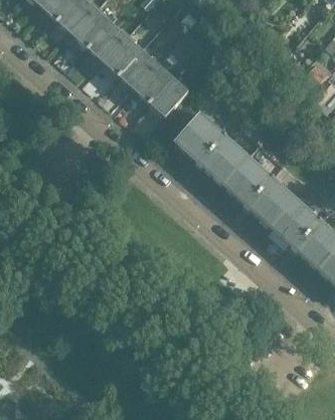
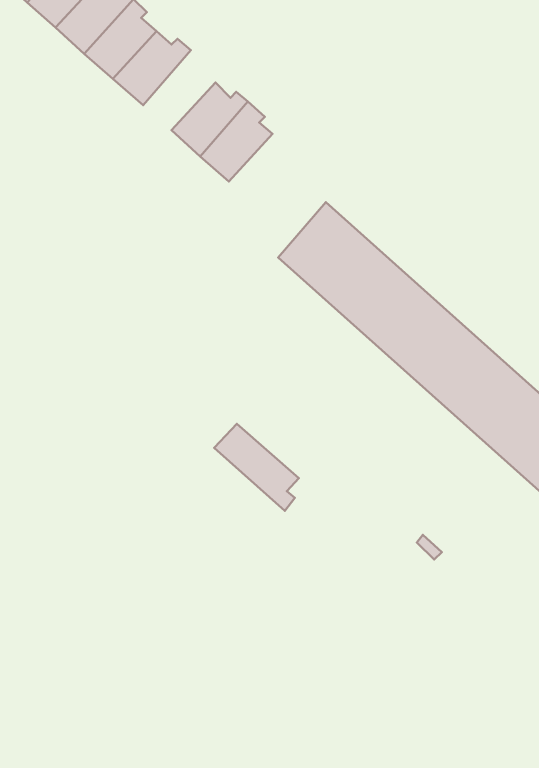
building: [105,33,143,75] -> none
building: [150,72,200,117] -> none
building: none -> [214,424,299,511]

